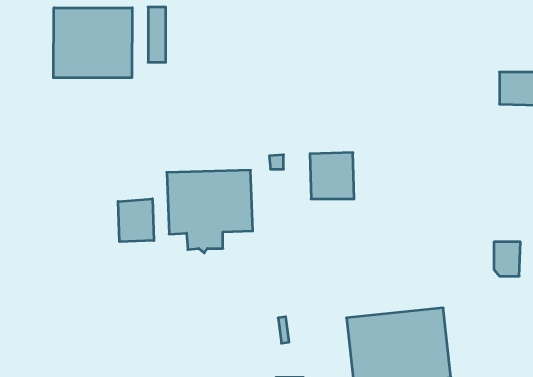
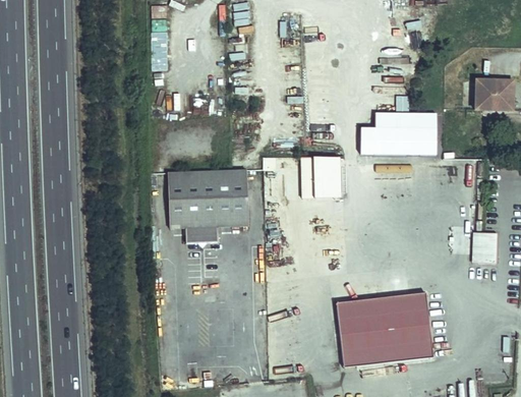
building: [53,8,132,78] -> none
building: none -> [361,110,438,153]
building: [118,199,154,242] -> none

